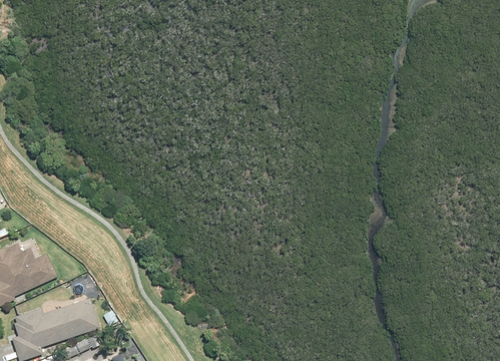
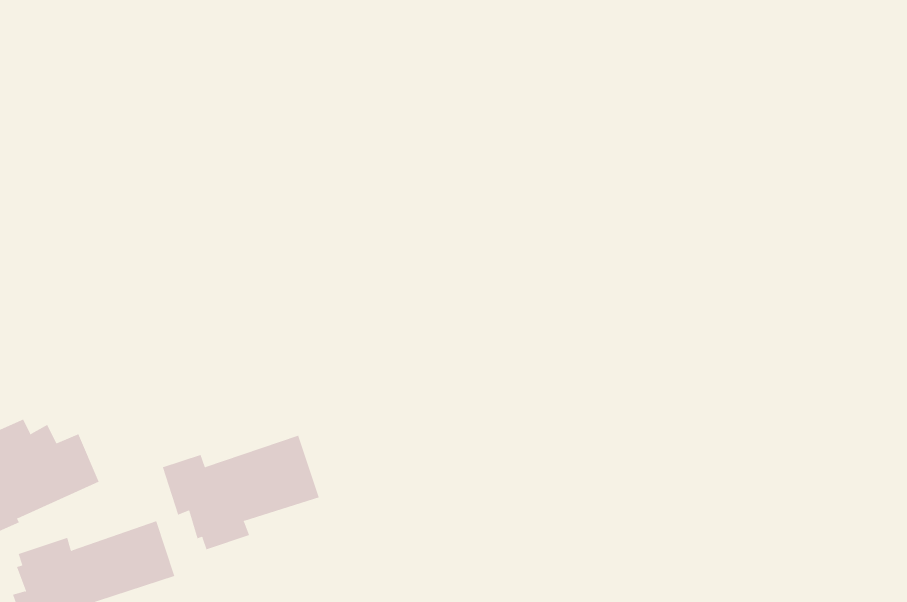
building: none -> [162,435,320,550]

